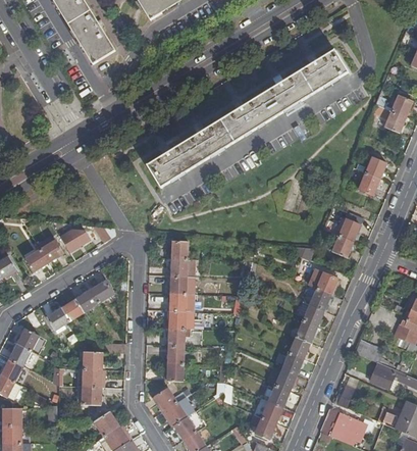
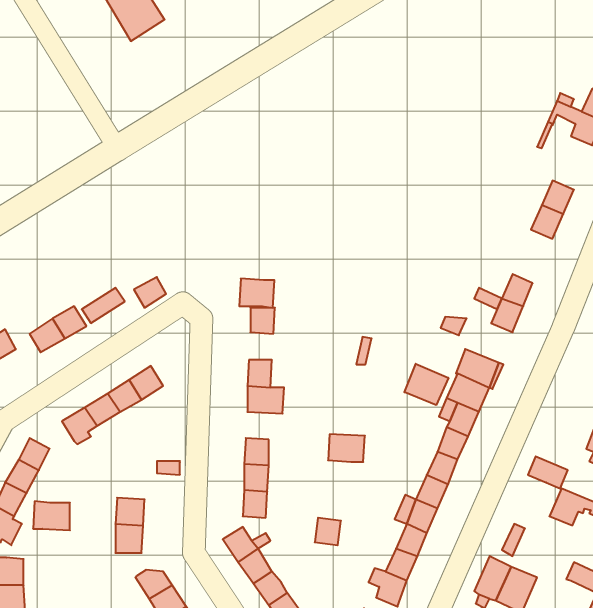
building: [146,48,347,187] -> none
building: [170,257,194,277] -> [239,279,274,308]
building: none -> [404,364,448,405]
building: [168,310,193,329] -> [328,434,365,462]
building: [76,349,101,368] -> [33,501,70,530]

